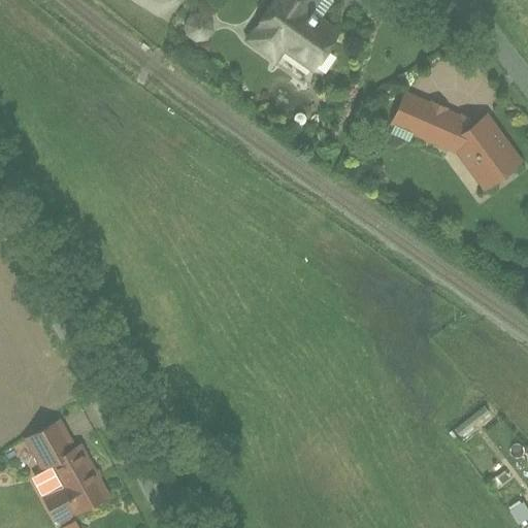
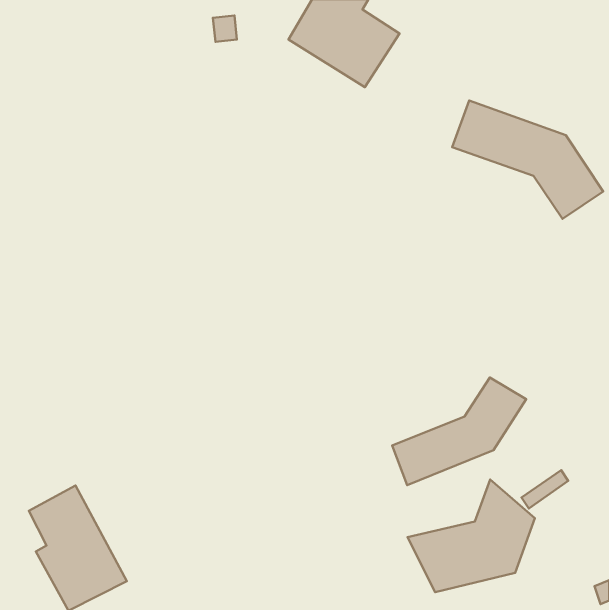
building: none -> [392,377,526,485]
building: none -> [408,480,535,592]

